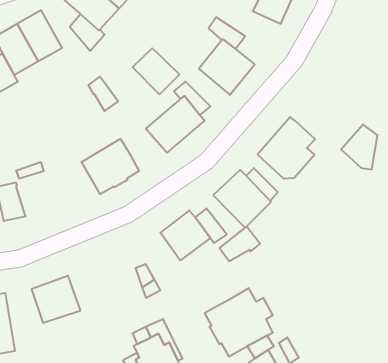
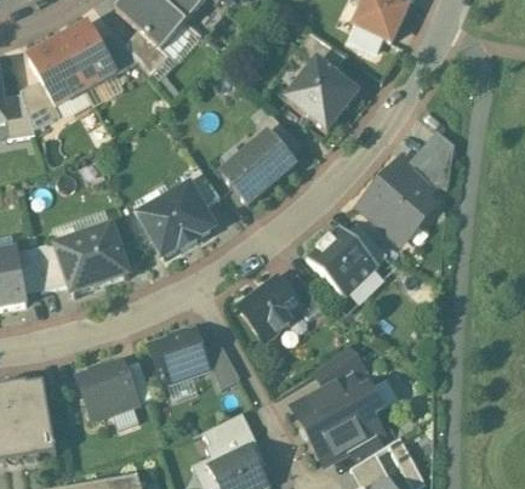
building: [133,48,179,94] -> none
building: [88,77,118,111] -> [181,165,218,209]
building: [341,124,378,170] -> [407,132,453,189]
building: none -> [56,227,126,292]
building: [220,227,260,261] -> [312,346,363,390]
building: none -> [148,329,206,382]

